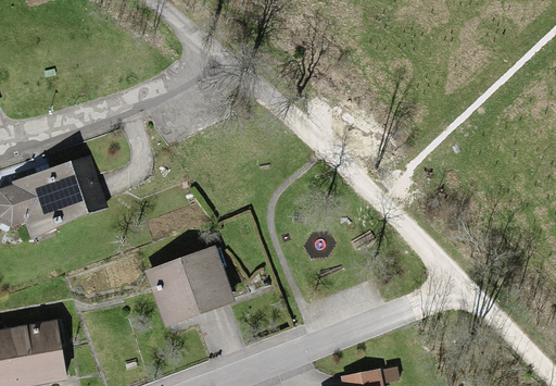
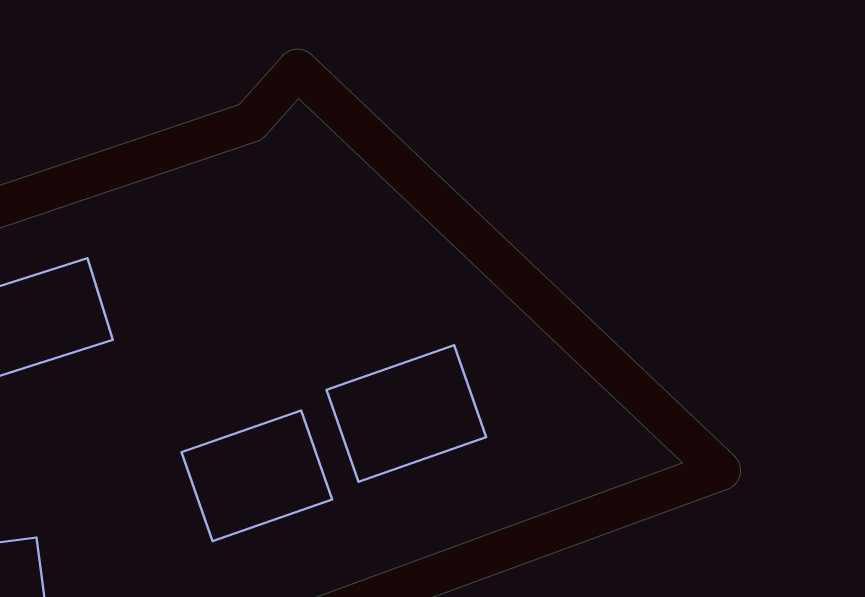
building: none -> [326,345,486,482]

